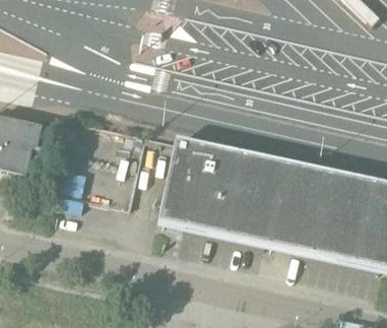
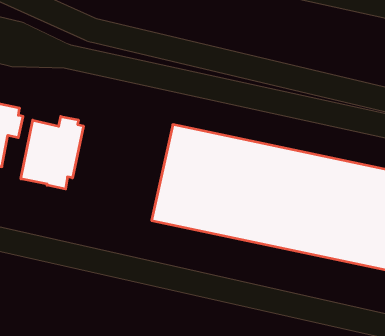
building: none -> [21,116,83,189]

